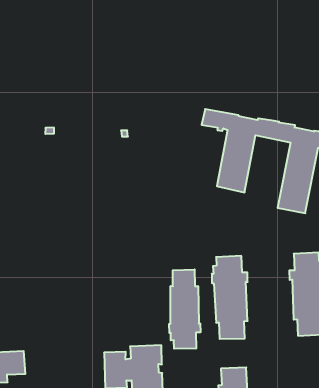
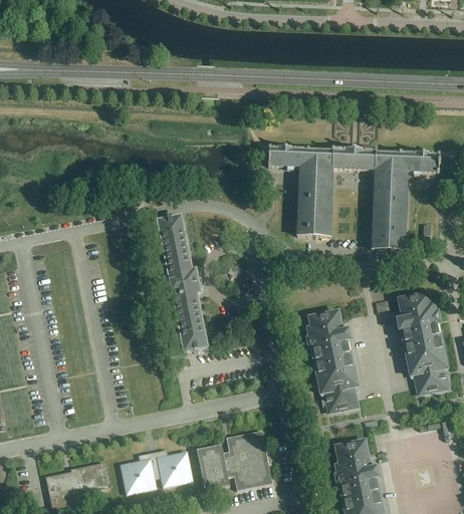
building: none -> [158,216,208,351]
building: [169,269,200,349] -> none
building: none -> [121,449,193,494]

